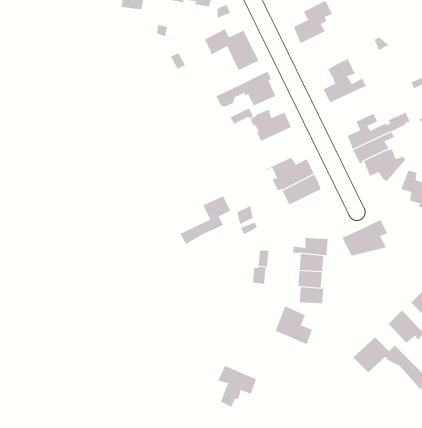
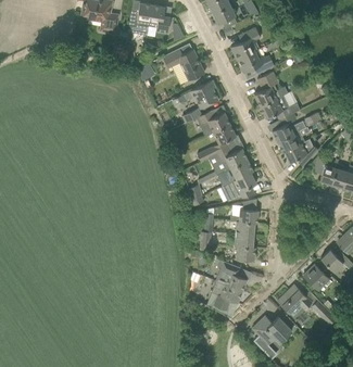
building: none -> [237,49,276,75]
building: none -> [260,96,300,121]
building: [180,195,231,245] -> [197,125,236,163]
building: [341,219,388,256] -> [220,174,256,202]
building: [217,365,257,407] -> [212,281,242,314]
building: none -> [252,316,292,351]

